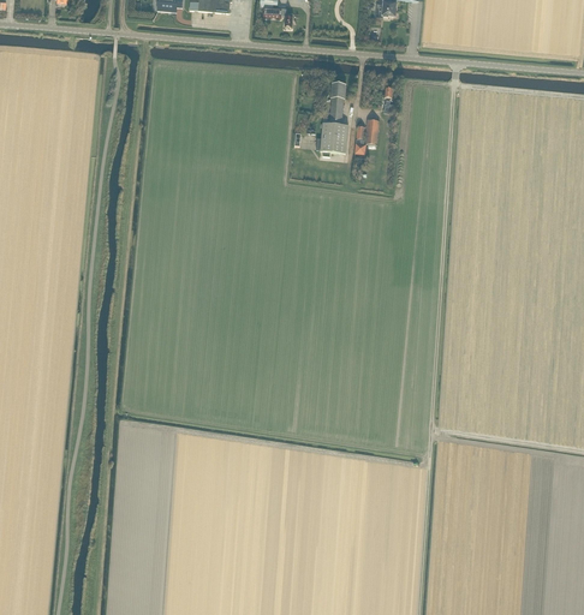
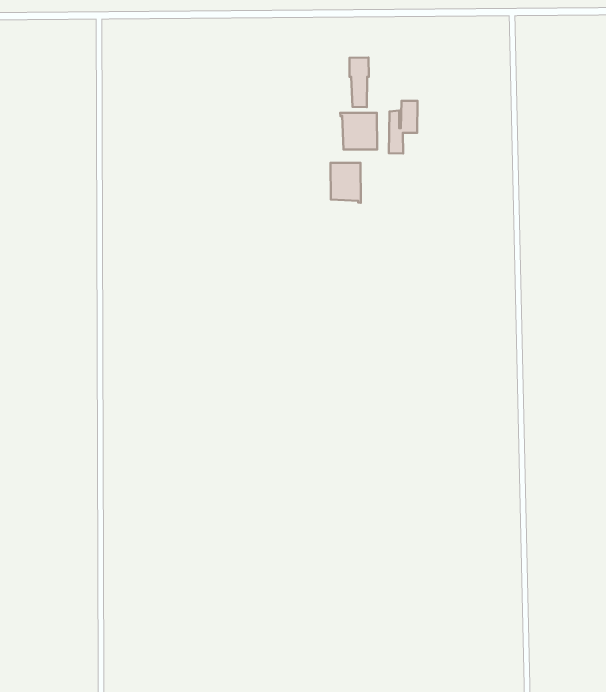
building: none -> [330,163,361,203]

